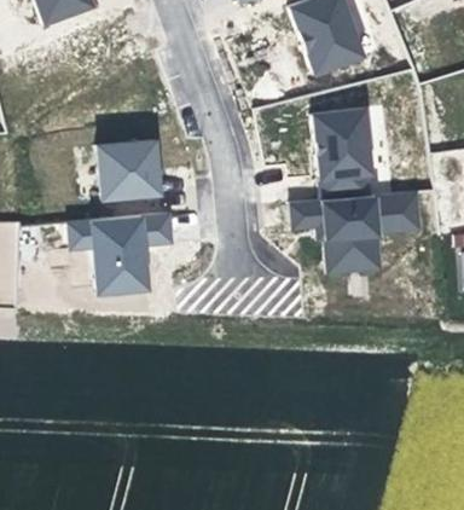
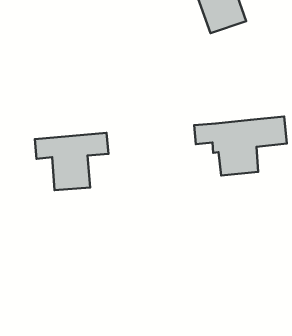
building: [313,108,371,199] -> none
building: [97,140,161,198] -> none

